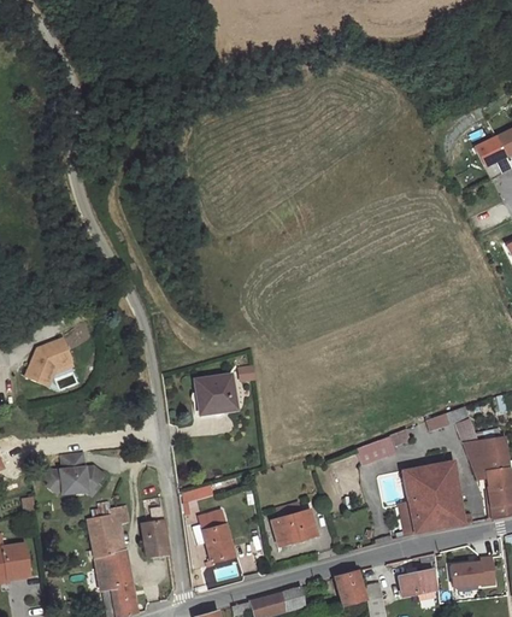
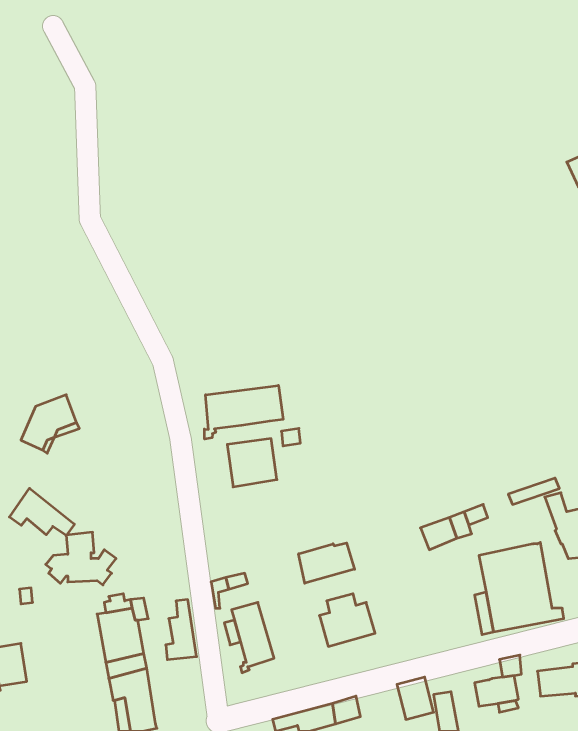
building: none -> [204,385,283,439]
building: none -> [9,488,74,536]
building: none -> [299,543,355,583]

